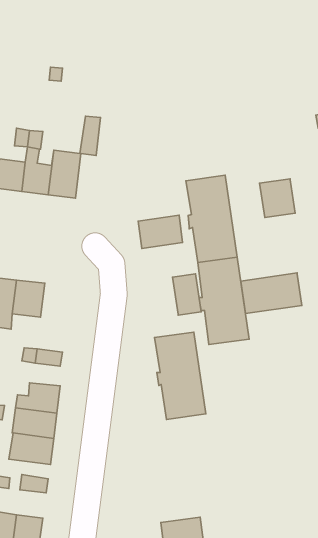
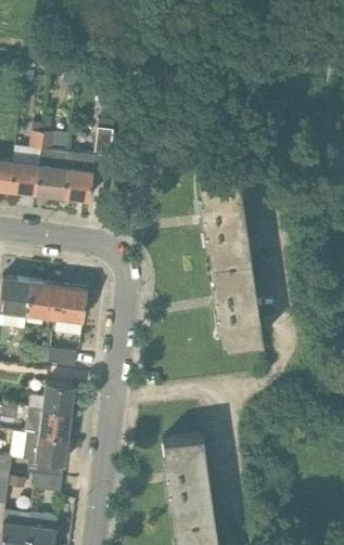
building: [260,179,295,218] -> none
building: [138,215,183,249] -> none
building: [241,273,302,314] -> none
building: [173,274,201,315] -> none
building: none -> [54,284,87,321]
building: [155,332,206,419] -> [162,434,213,521]

